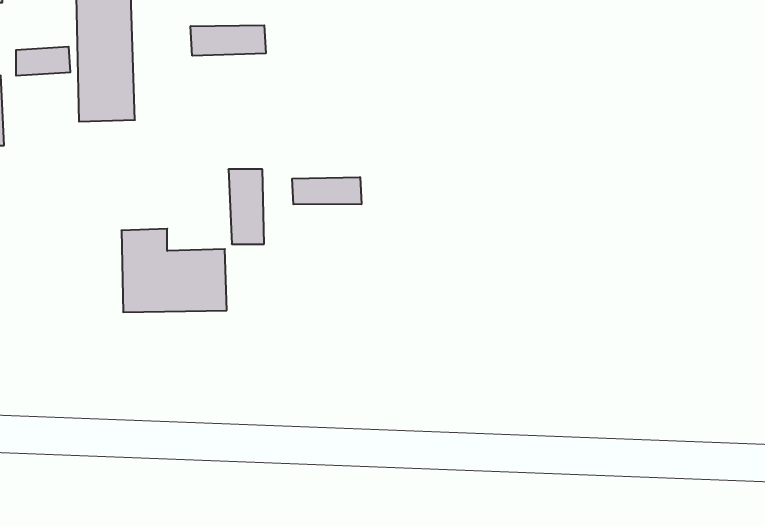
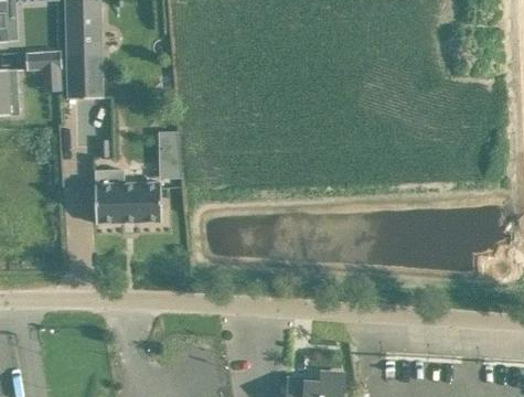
building: [191,25,266,56] -> none
building: [292,177,361,204] -> none

